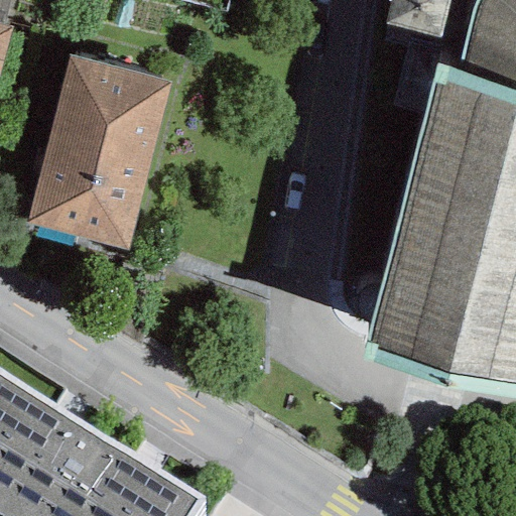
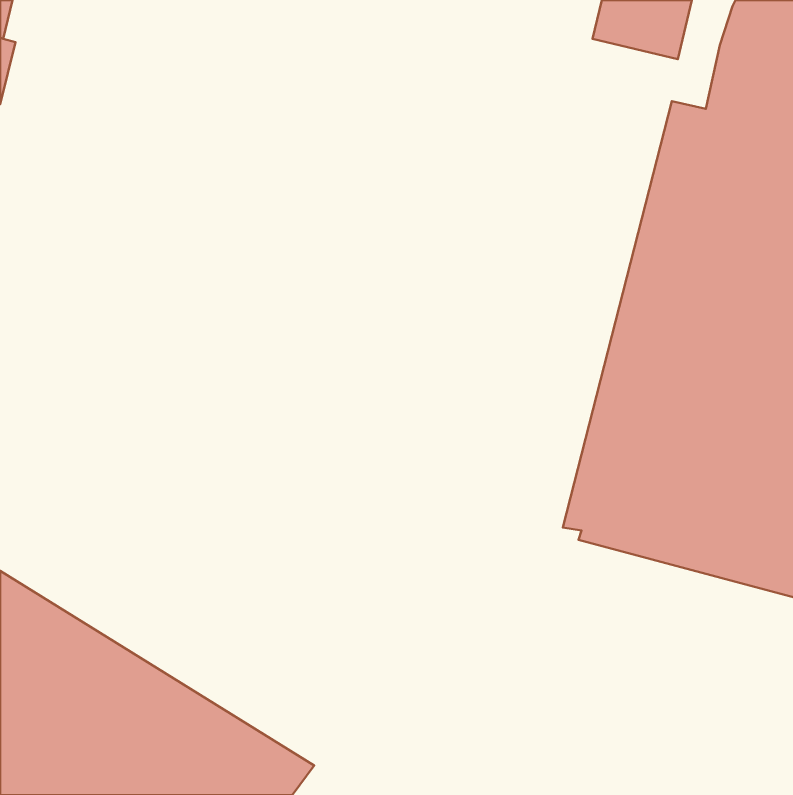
building: [27,55,171,250] -> none

